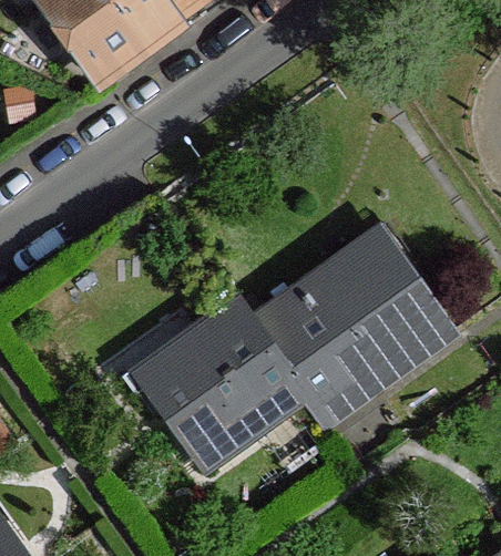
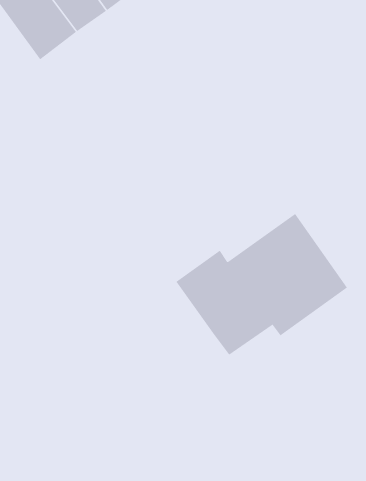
building: [143,303,290,466] -> none

